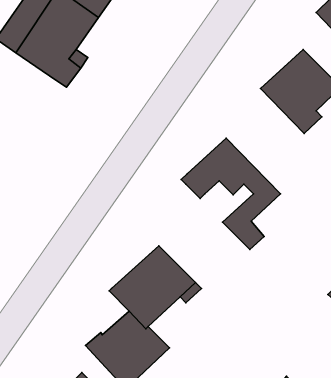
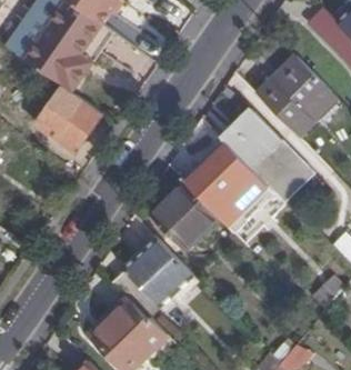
building: none -> [37,84,101,149]
building: none -> [221,108,314,202]
building: none -> [153,182,218,248]

